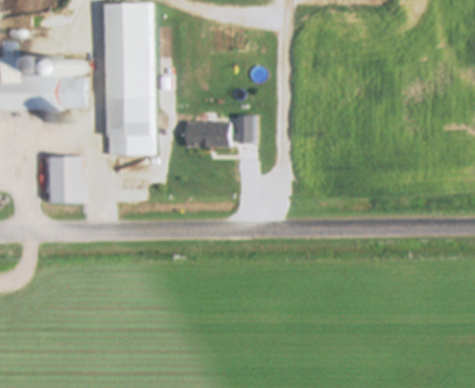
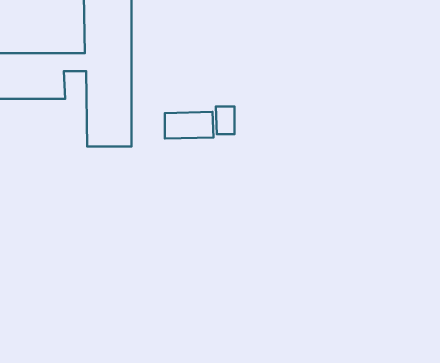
building: [40,157,81,203] -> none

